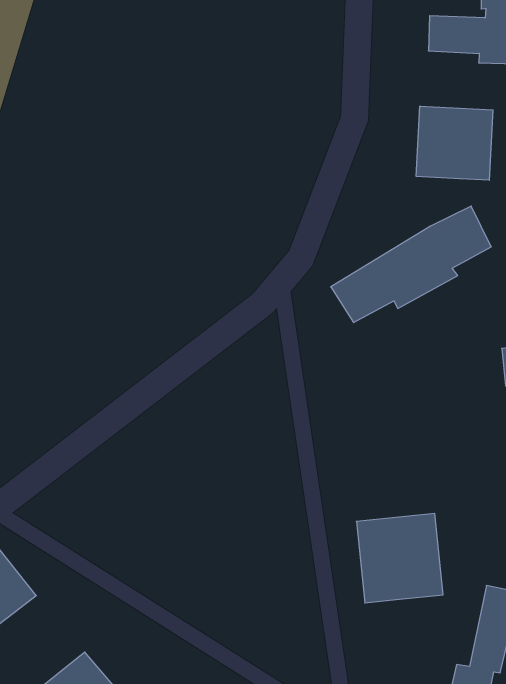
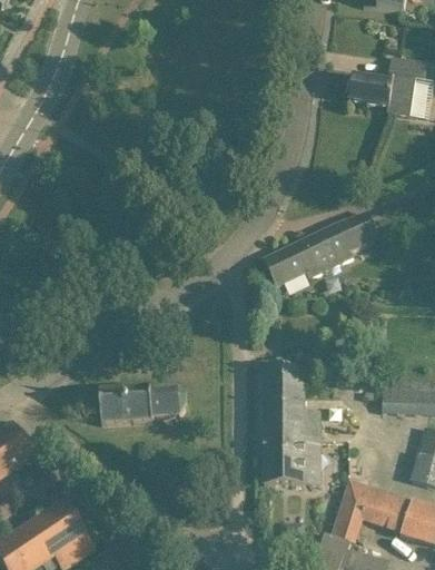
building: [416,106,493,180] -> none
building: none -> [264,367,322,425]
building: none -> [100,385,187,423]

